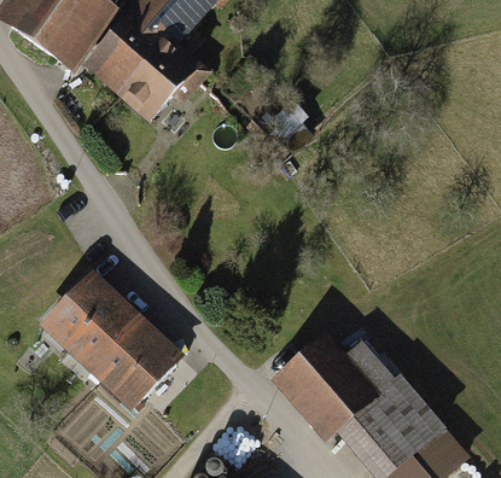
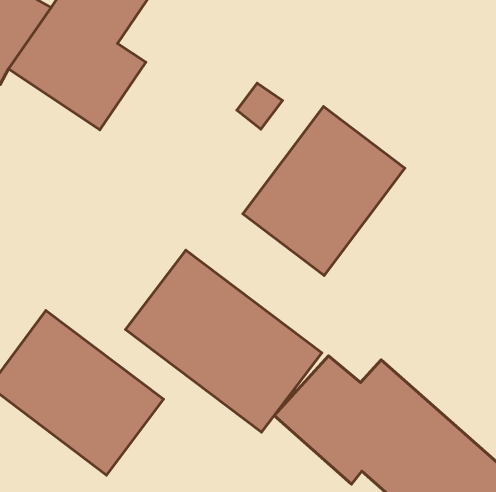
building: none -> [243,107,405,276]
building: none -> [125,250,322,432]

